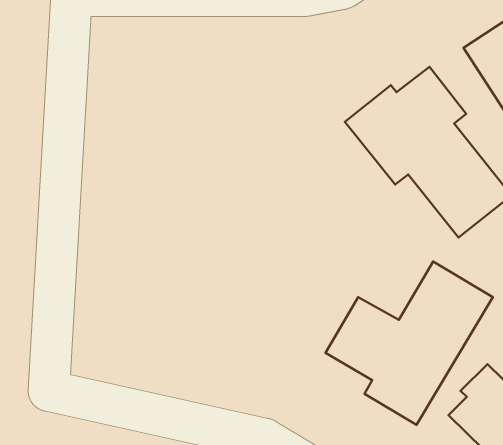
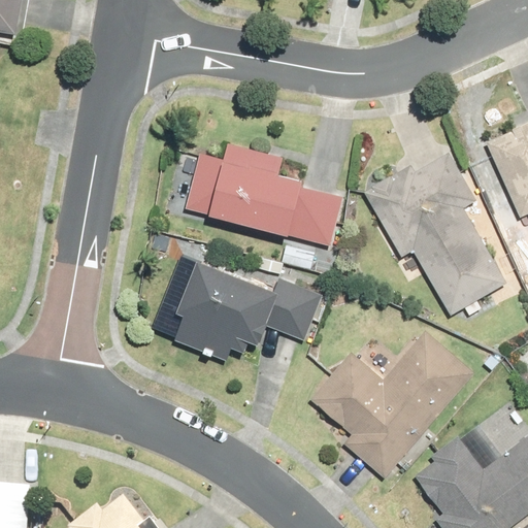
building: none -> [186,143,343,246]
building: none -> [175,261,322,359]

